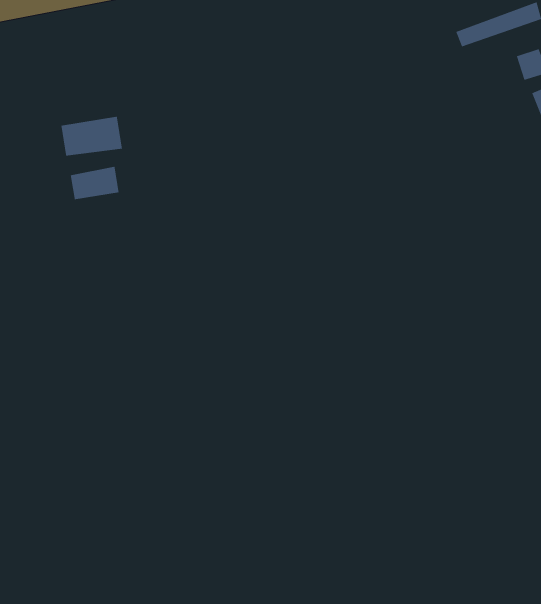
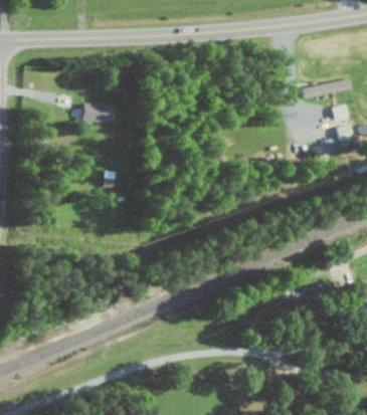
building: [70,166,120,200] -> none

